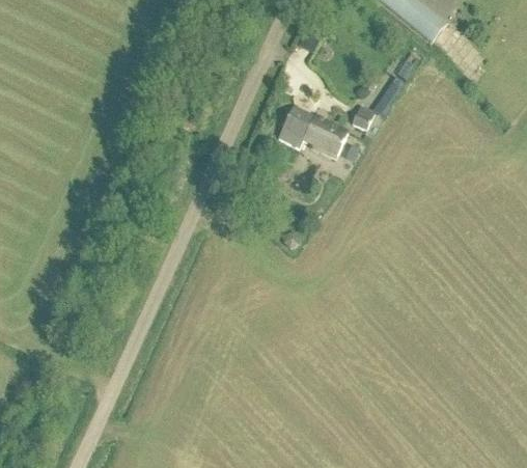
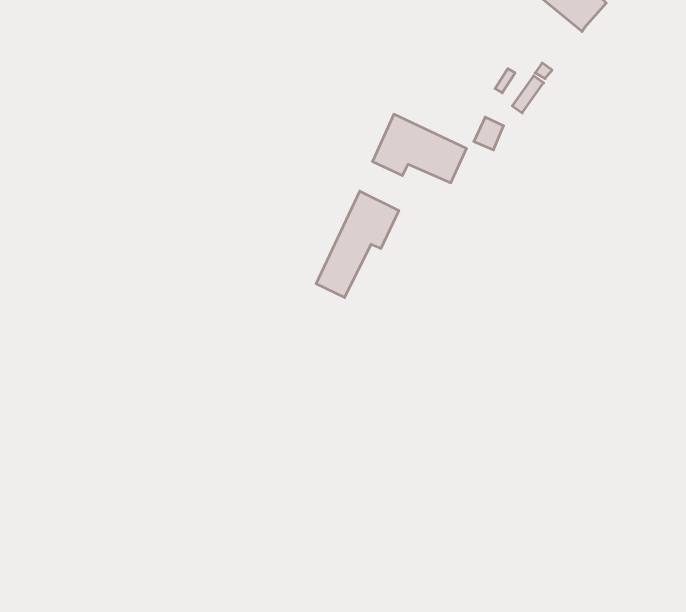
building: none -> [316,191,399,298]

